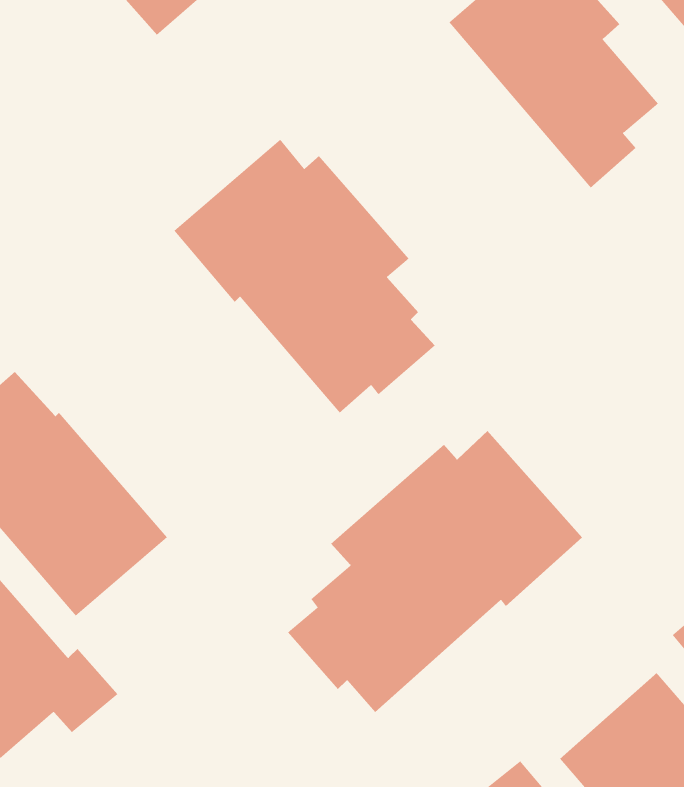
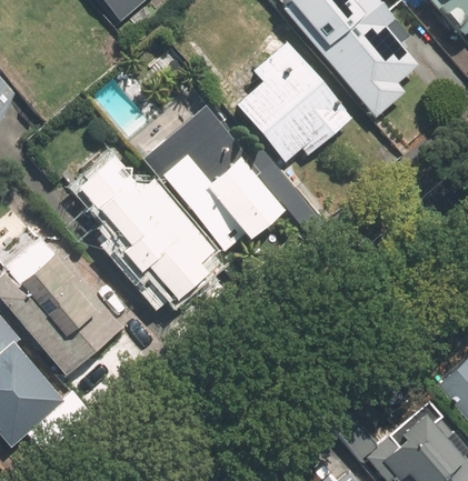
building: none -> [238,42,354,160]
building: none -> [78,156,215,310]
building: [287,430,583,713] -> none

